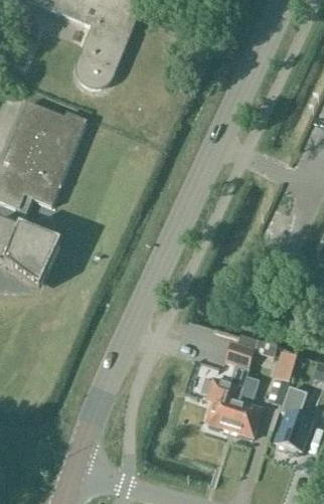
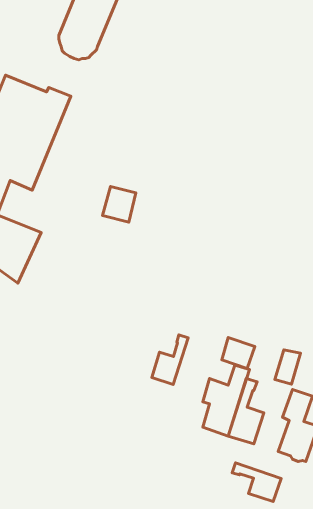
building: none -> [102,187,136,222]
building: none -> [152,335,188,384]
building: none -> [232,463,281,502]

